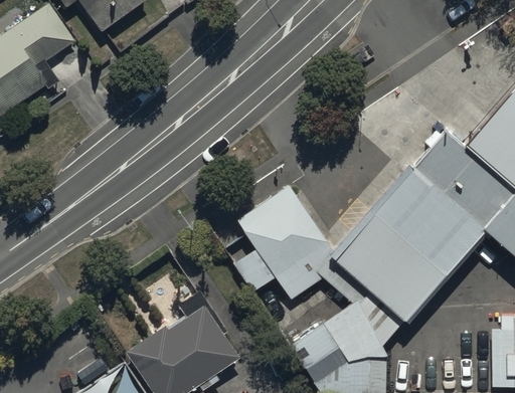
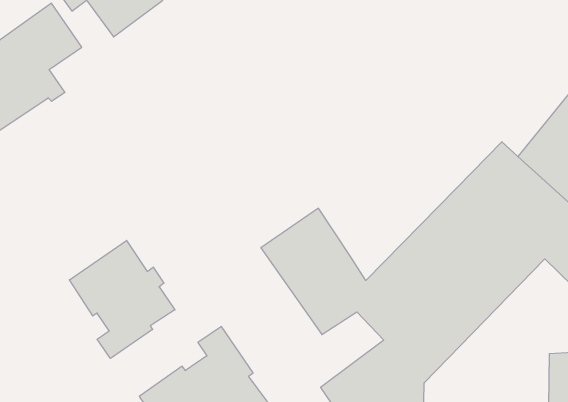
building: none -> [69,240,175,358]

